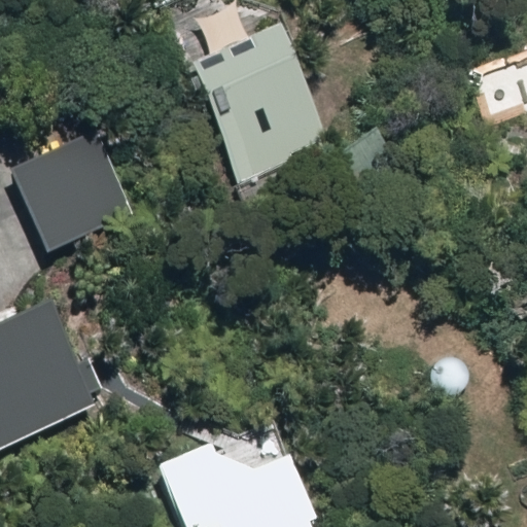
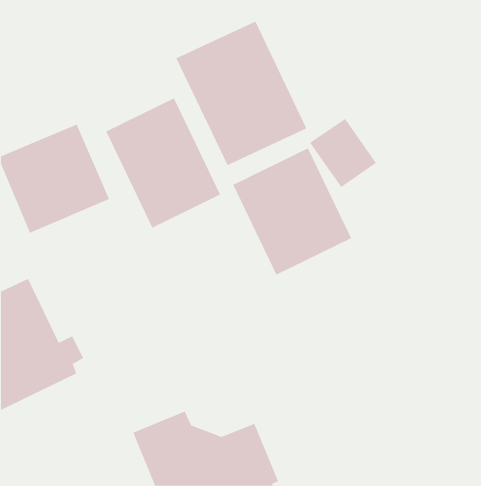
building: none -> [106,97,221,229]
building: none -> [233,147,352,276]

